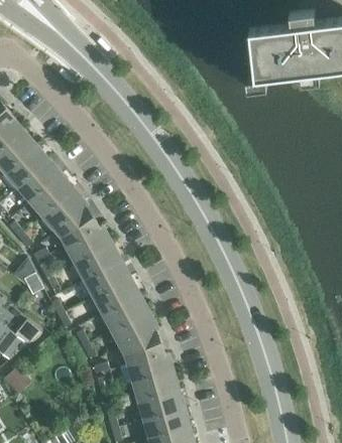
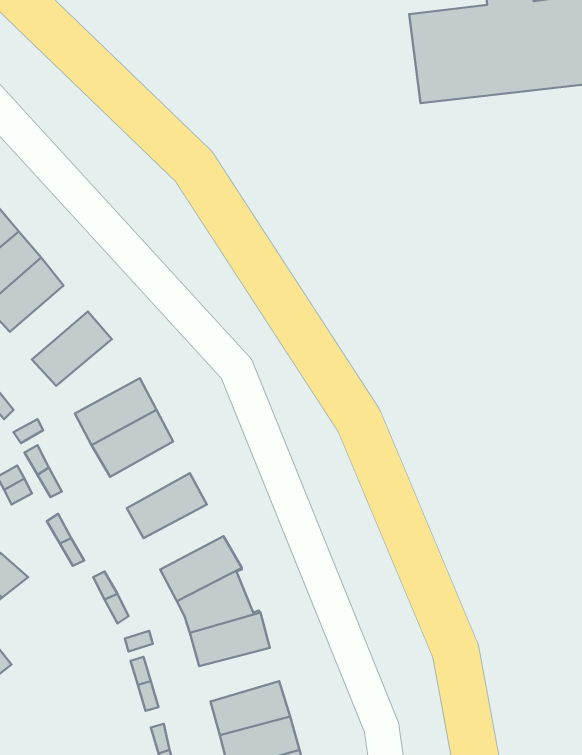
building: [30,176,73,216] -> none
building: [55,205,101,246] -> none
building: [85,261,128,297] -> none
building: [103,295,146,330] -> none
building: [133,373,177,402] -> none

